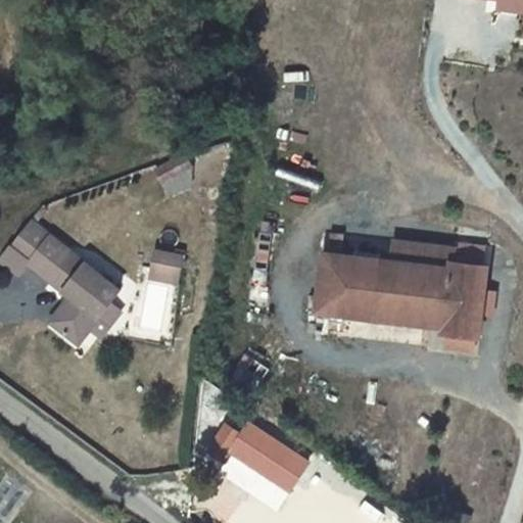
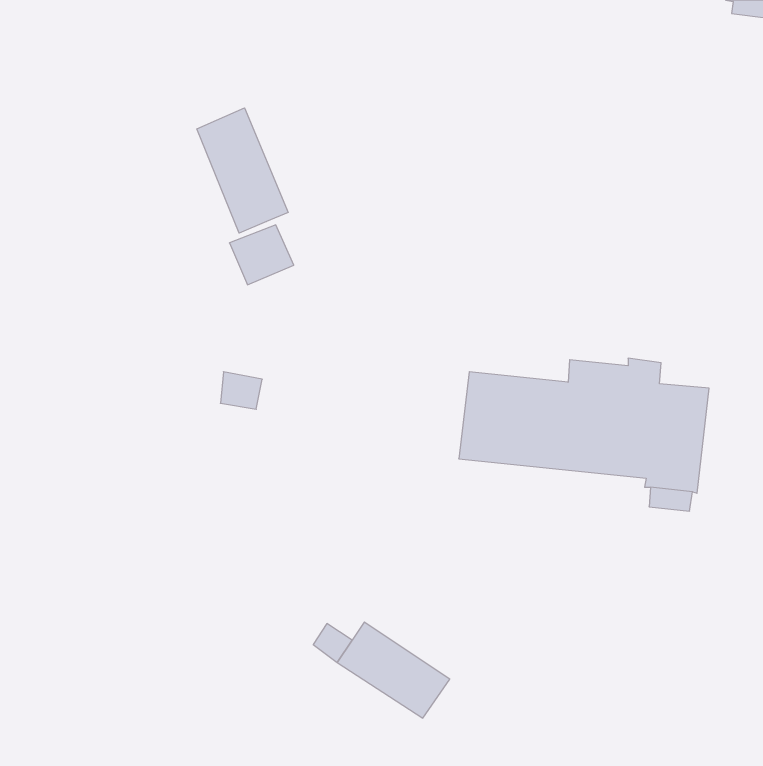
building: none -> [197,108,288,233]
building: [10,225,124,348] -> none

